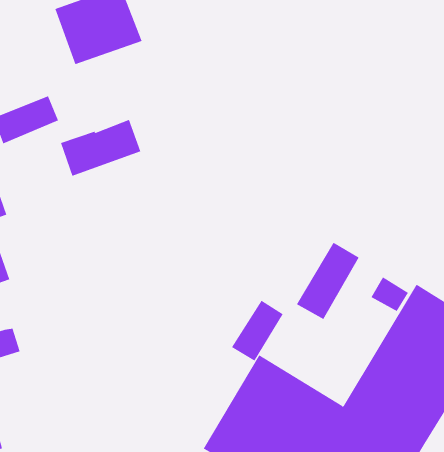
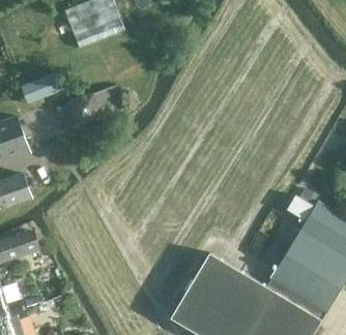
building: [296,242,359,320] -> none
building: [231,300,284,362] -> none

